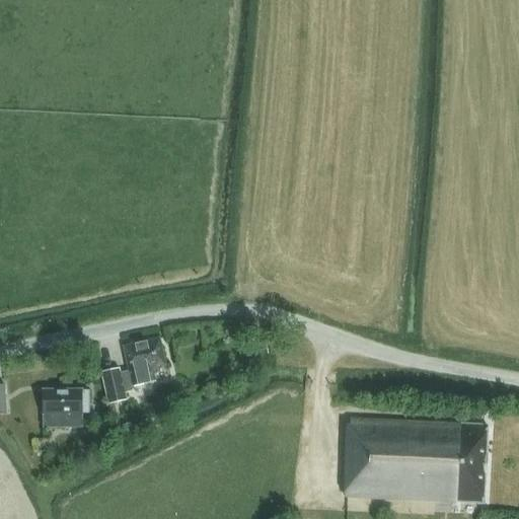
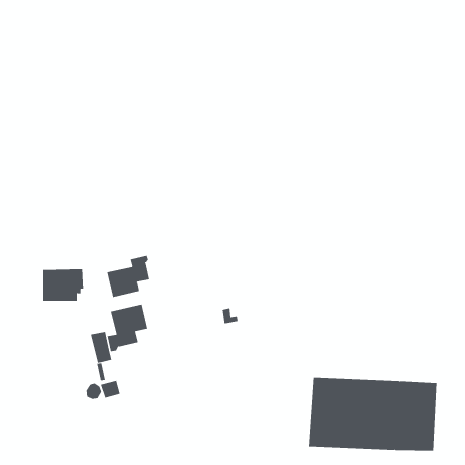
building: none -> [107,255,149,298]
building: [42,389,88,426] -> [42,269,84,301]

